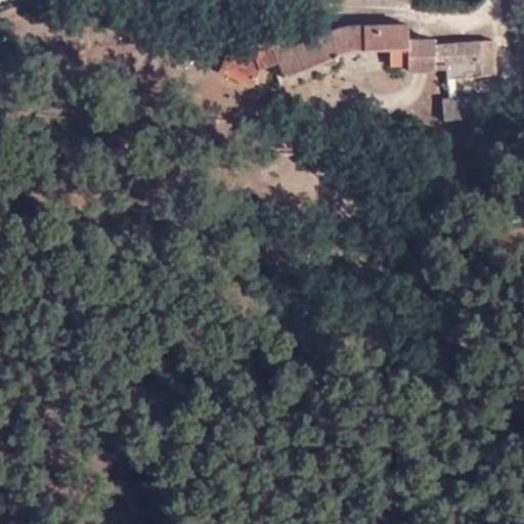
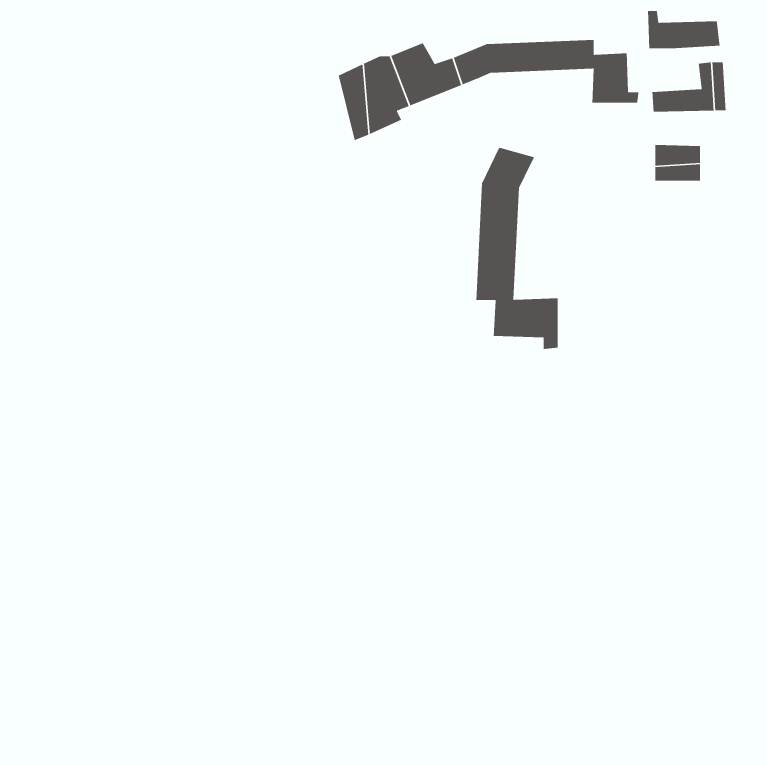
building: [428,37,478,63] -> [647,10,721,49]
building: none -> [476,147,558,350]

